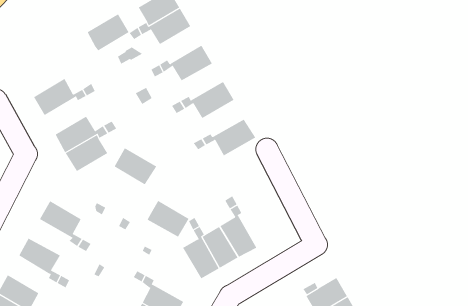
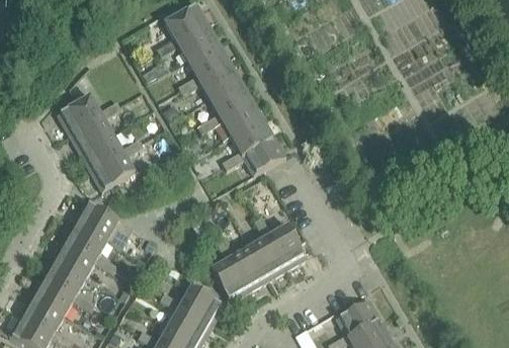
building: [87,14,129,51] -> [187,40,231,79]
building: none -> [209,79,253,116]
building: none -> [69,113,112,152]
building: none -> [231,116,274,154]
building: [114,148,157,185] -> [75,200,119,239]
building: [147,200,189,238] -> [180,285,224,324]
building: none -> [268,224,307,268]
building: none -> [53,239,97,276]
building: none -> [31,276,75,315]

